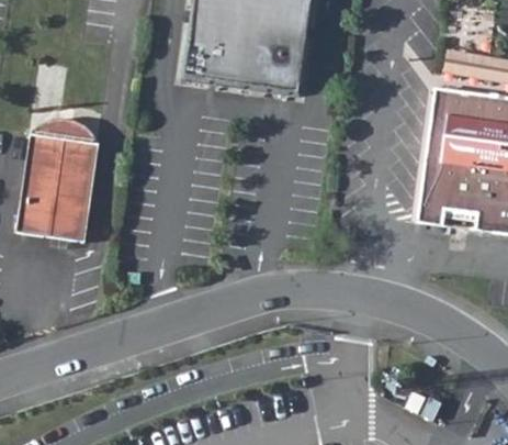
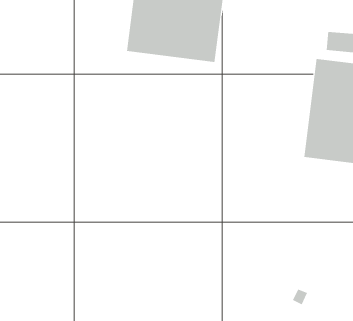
building: [19,116,100,240] -> none

